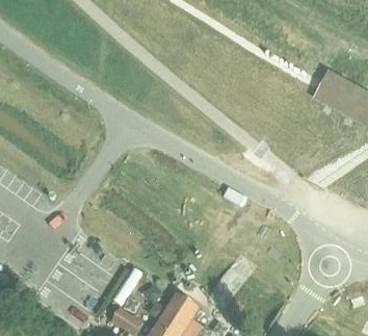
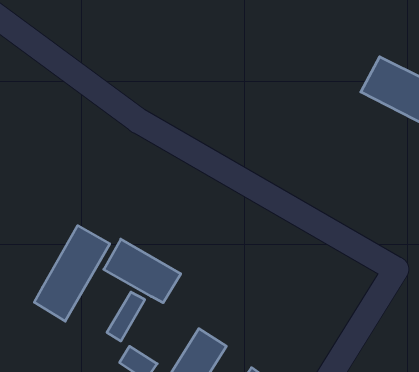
building: none -> [34,226,110,321]
building: none -> [104,239,181,303]

